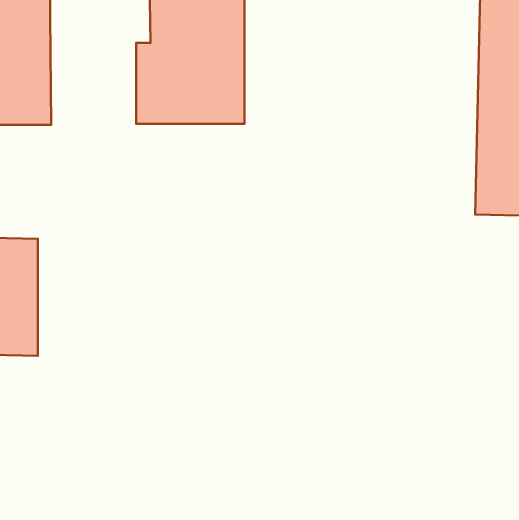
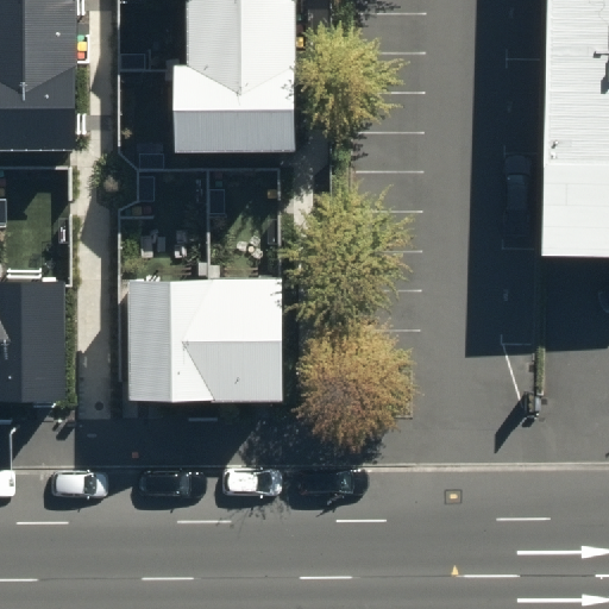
building: none -> [128,276,282,404]

